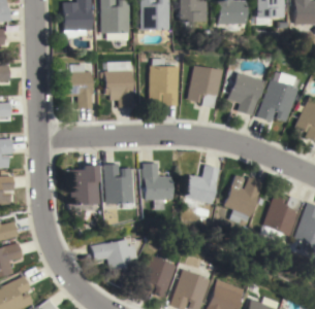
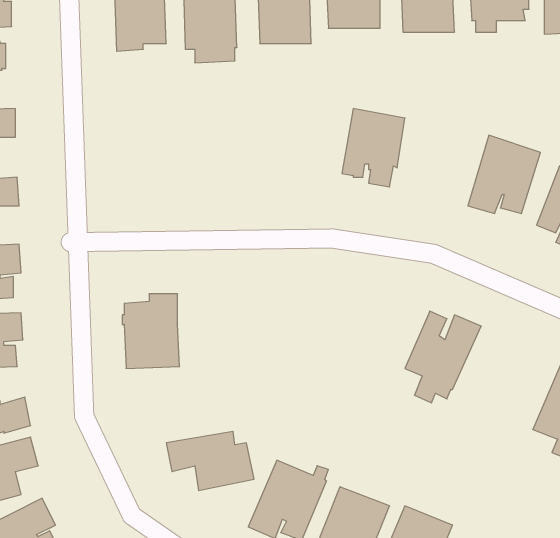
building: [149,59,179,106] -> none
building: [102,61,134,107] -> none
building: [65,64,94,108] -> none
building: [226,72,262,115] -> none
building: [143,163,172,200] -> none
building: [103,164,134,209] -> none
building: [183,165,219,204] -> none
building: [259,193,301,237] -> none

